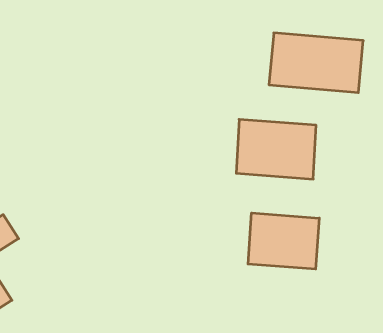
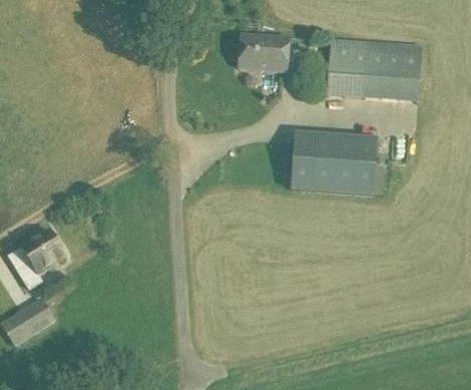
building: none -> [238,33,289,70]
building: [248,213,319,269] -> none

